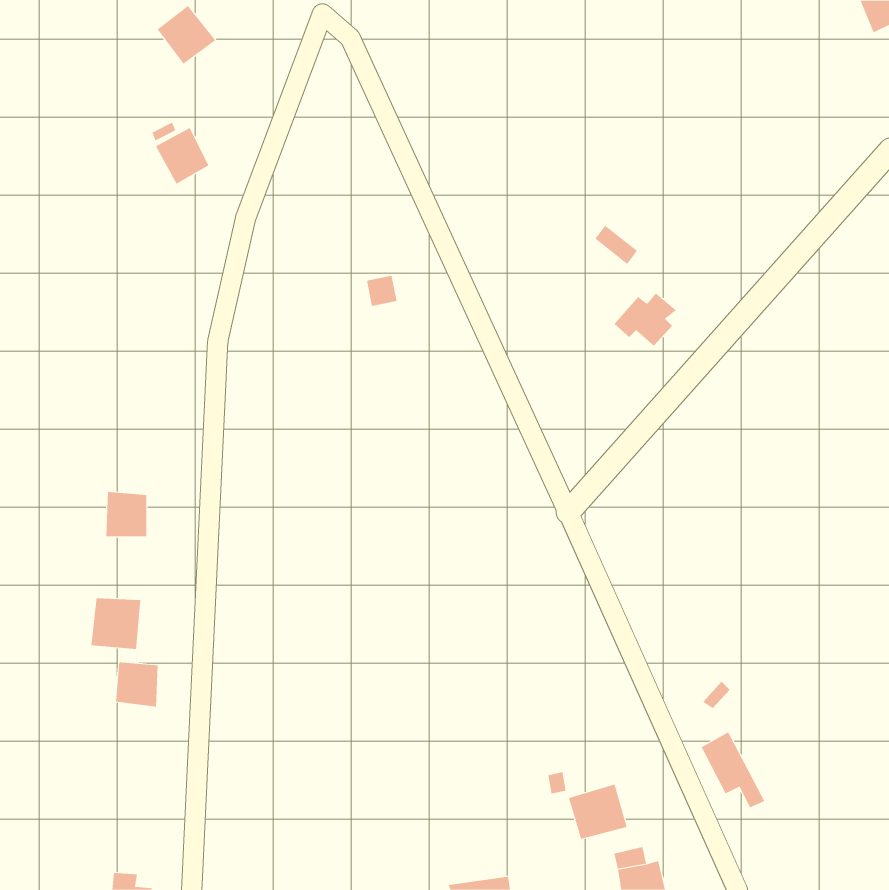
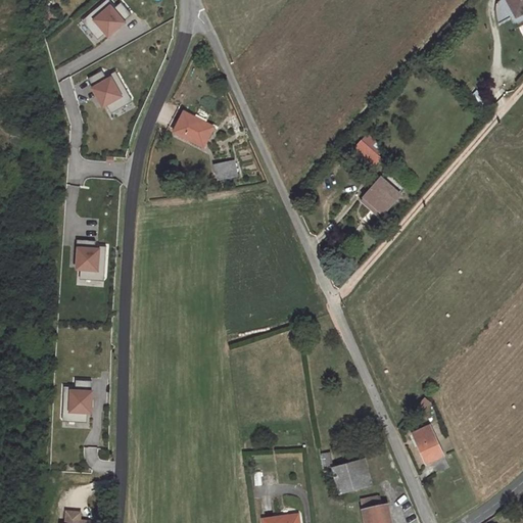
building: none -> [175,111,215,146]
building: [105,491,147,537] -> [76,245,100,272]
building: [91,597,141,650] -> none

